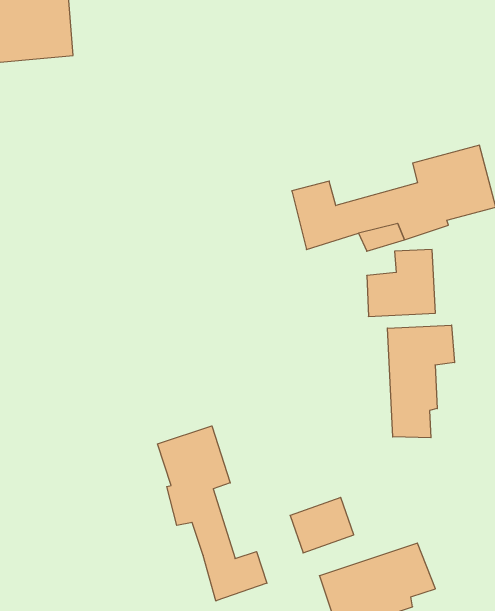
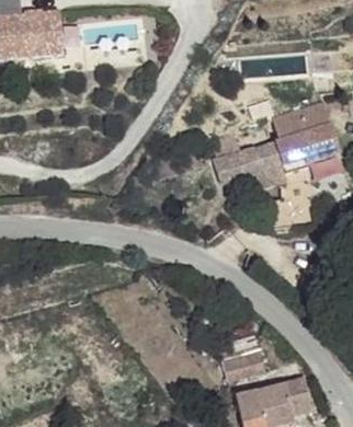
building: [387,325,455,438] -> none
building: [158,426,267,601] -> none

